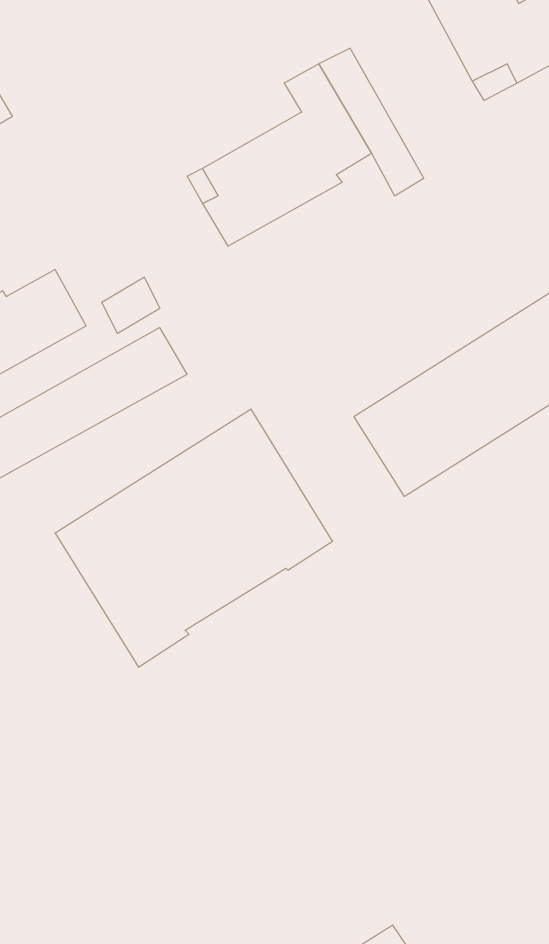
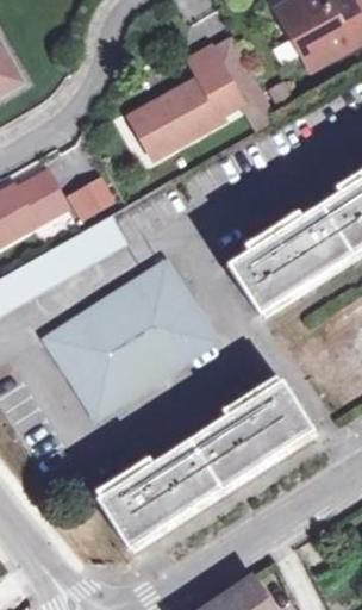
building: none -> [98,381,311,547]

